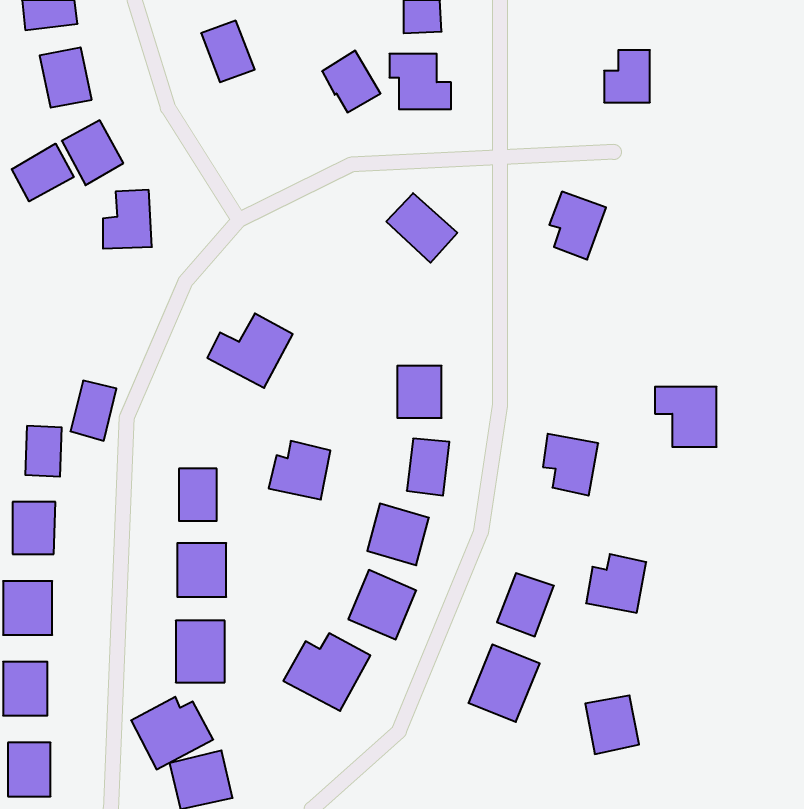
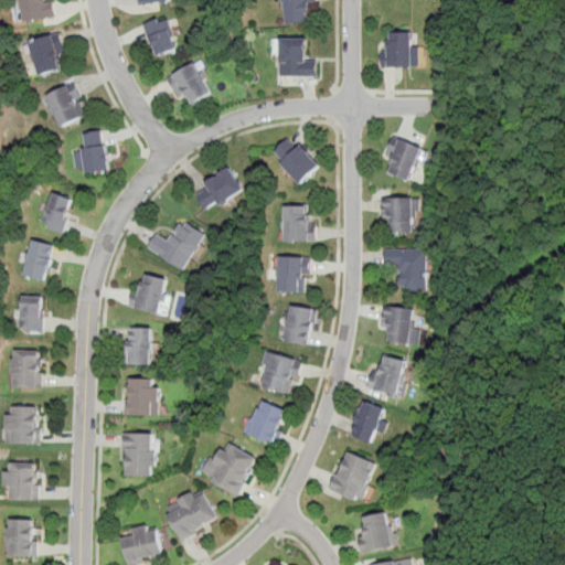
building: [604,50,650,102] -> [379,30,411,66]
building: [322,51,381,112] -> [168,63,209,106]
building: [12,144,74,201] -> none
building: none -> [192,169,243,213]
building: none -> [36,192,74,234]
building: none -> [380,195,413,232]
building: none -> [281,204,315,239]
building: [70,381,116,441] -> [21,241,53,282]
building: [655,387,717,447] -> [383,248,426,290]
building: [269,441,330,500] -> [127,273,170,313]
building: [586,554,646,613] -> [366,354,408,395]
building: [585,695,639,754] -> [356,512,394,553]
building: [131,697,213,769] -> [161,490,218,541]

